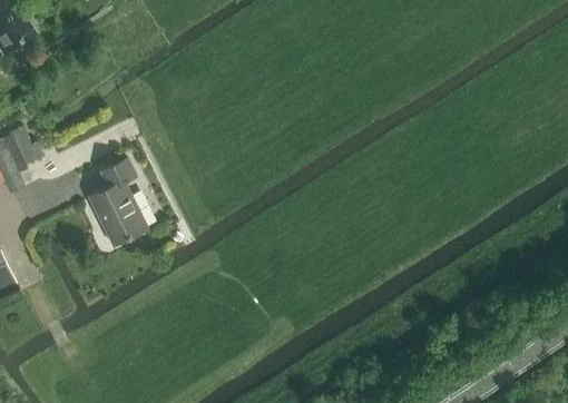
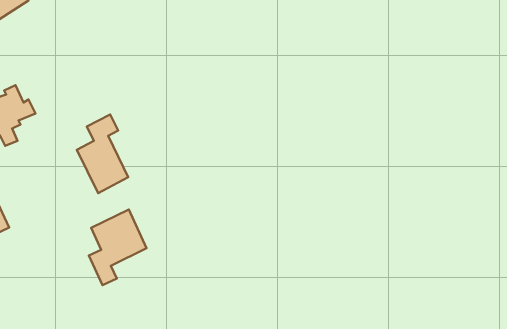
building: none -> [89,209,147,285]

